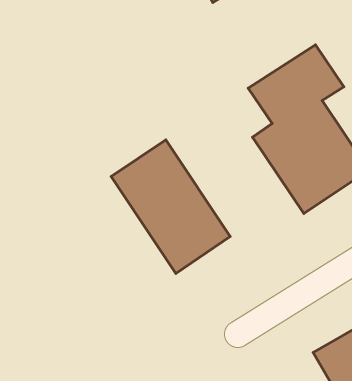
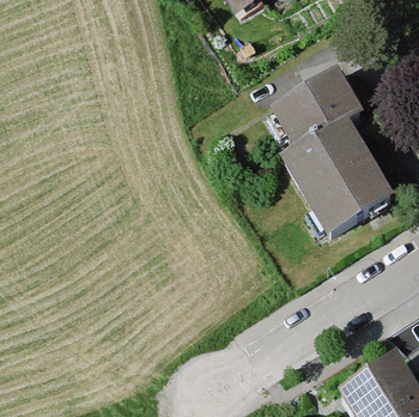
building: [111,140,230,273] -> none

